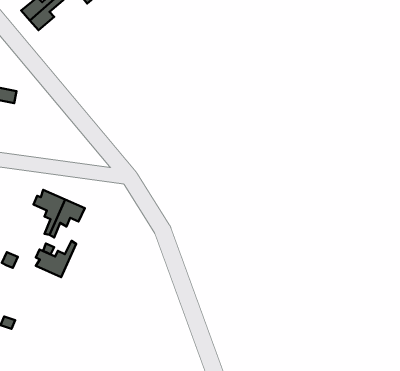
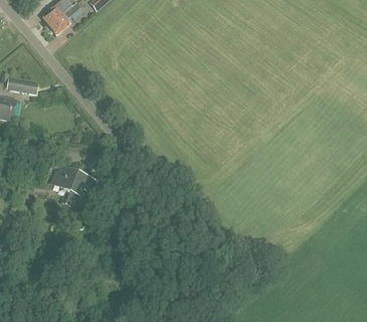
building: [36,241,76,277] -> none

